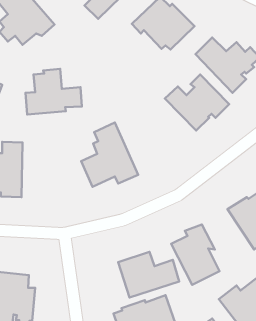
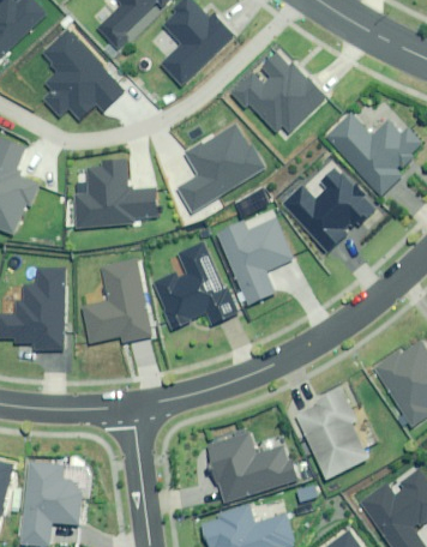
building: none -> [175,120,263,211]
building: none -> [217,216,297,305]
building: none -> [84,259,155,343]

